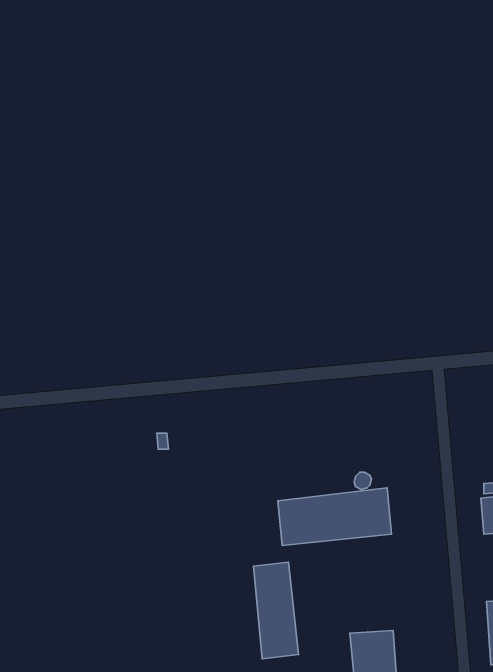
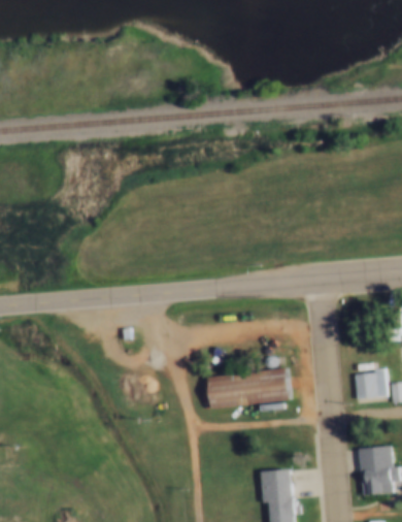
building: [254,562,298,659] -> none

